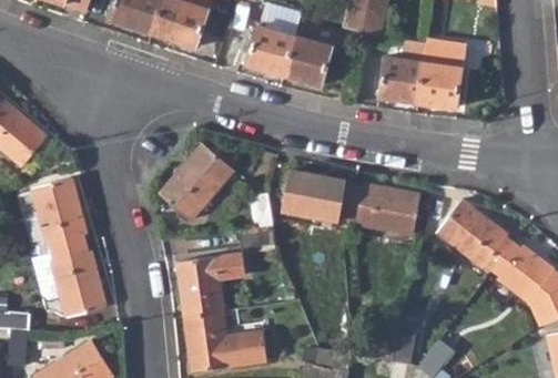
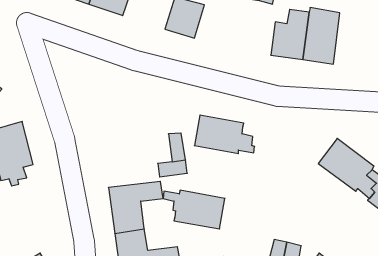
building: [284,35,333,85] -> none
building: [161,145,233,218] -> none
building: [343,185,419,233] -> [163,190,225,229]
building: [53,234,105,317] -> none

